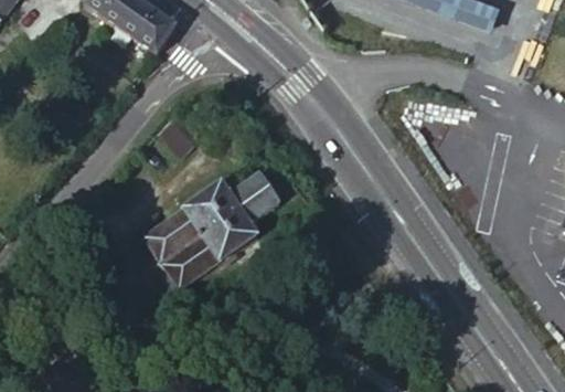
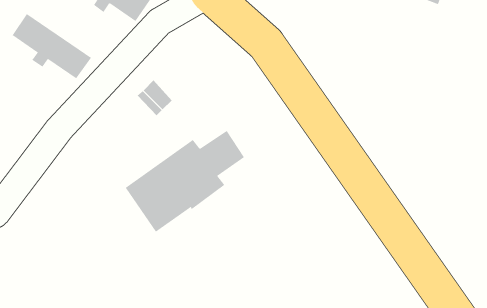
building: none -> [12,13,92,79]

